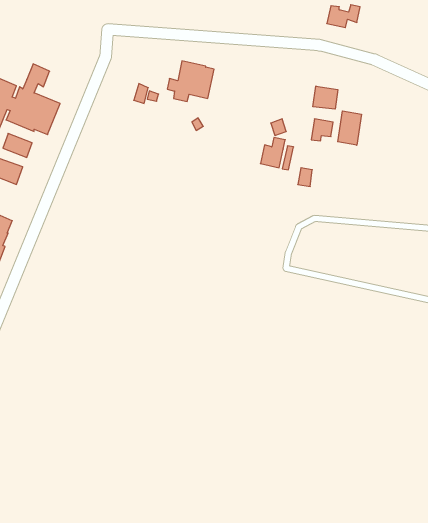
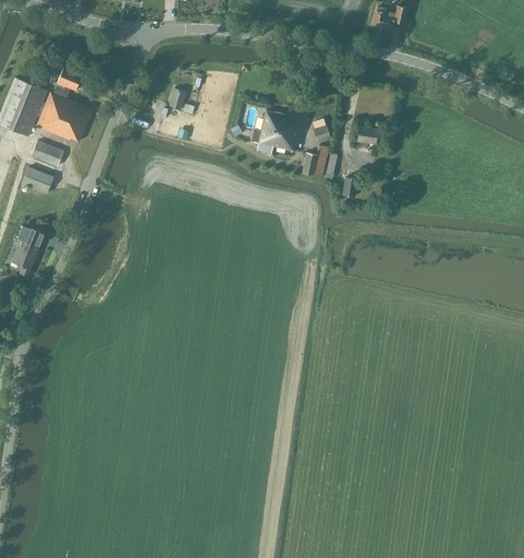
building: [167,61,214,101] -> [252,110,301,153]
building: [313,86,338,109] -> none
building: [338,111,361,145] -> none

